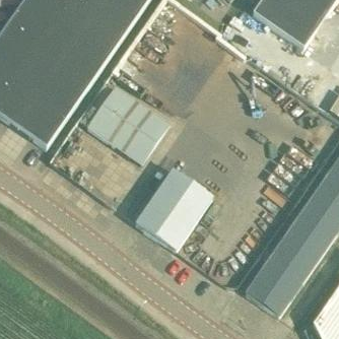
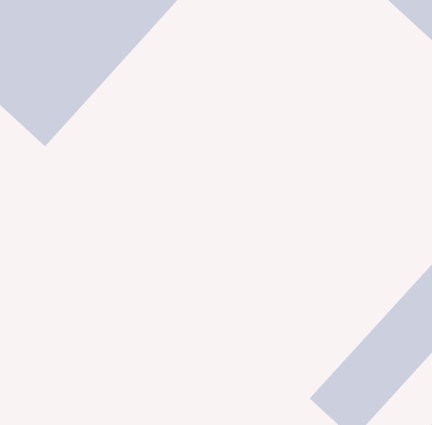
building: [87,85,170,163] -> none
building: [135,168,212,250] -> none

